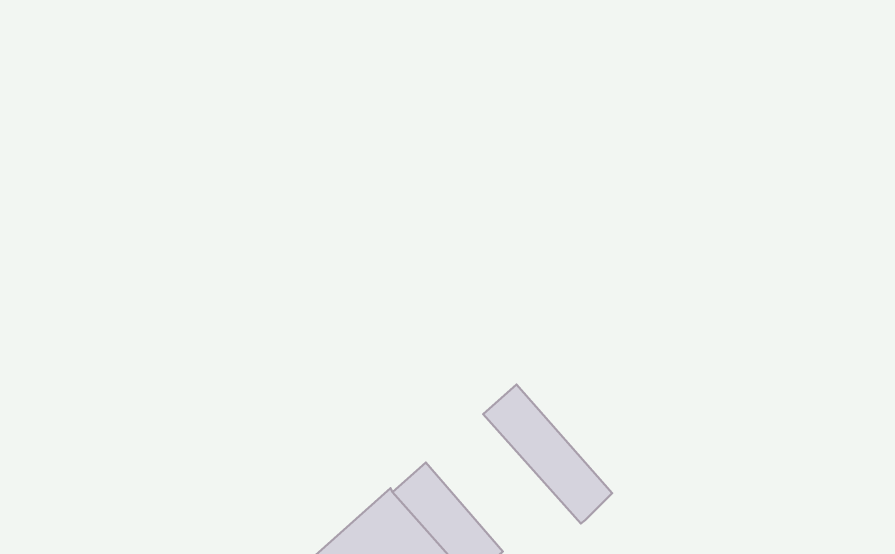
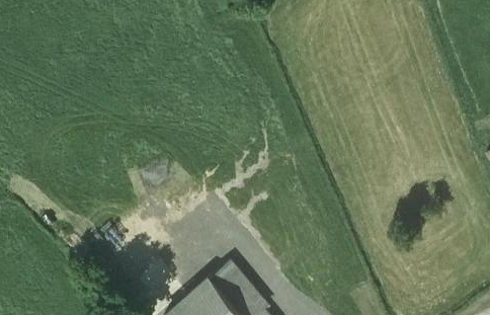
building: [483,385,612,523] -> none

